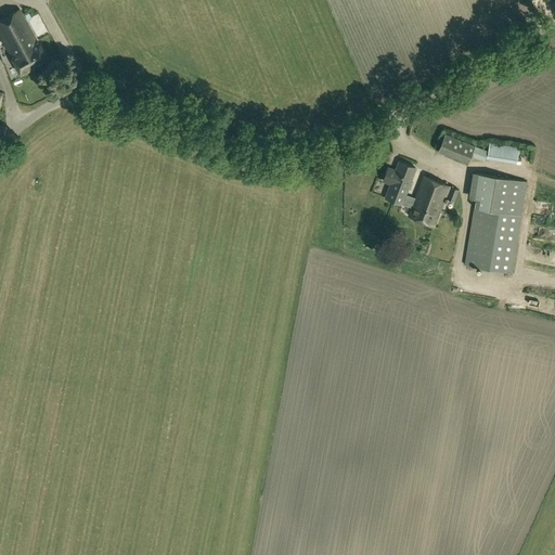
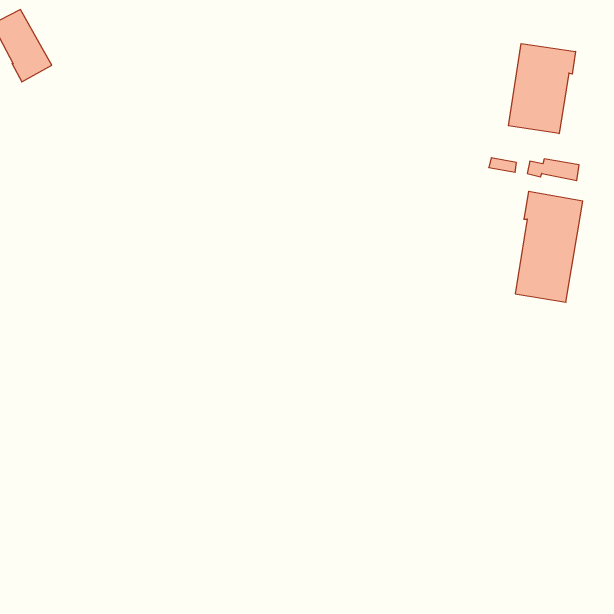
building: none -> [508,44,576,134]
building: [385,163,459,224] -> none

